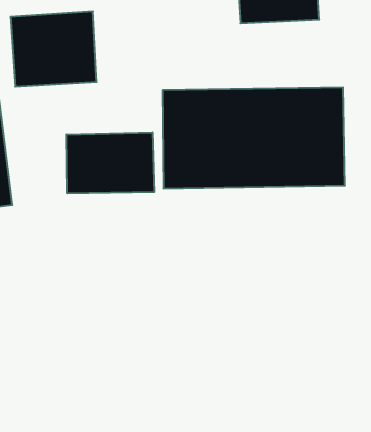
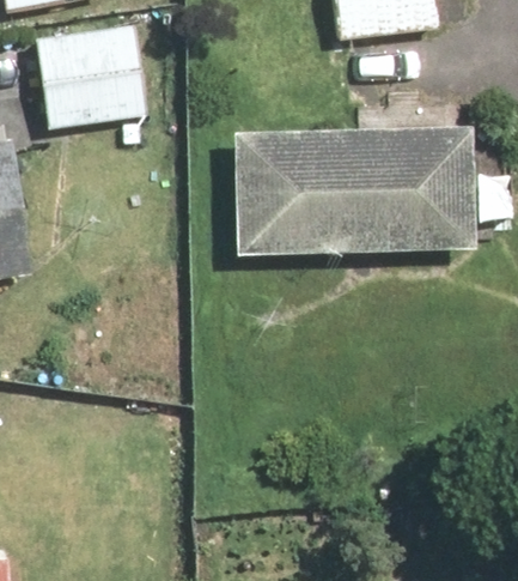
building: [66,132,154,193] -> none

